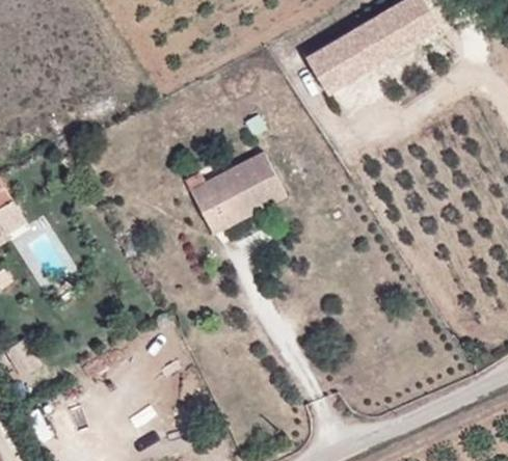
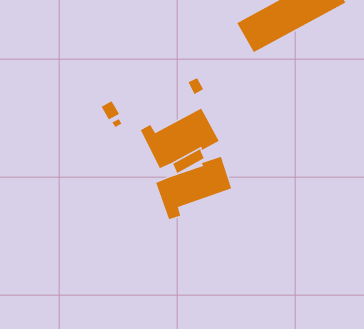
building: none -> [155,156,232,220]

